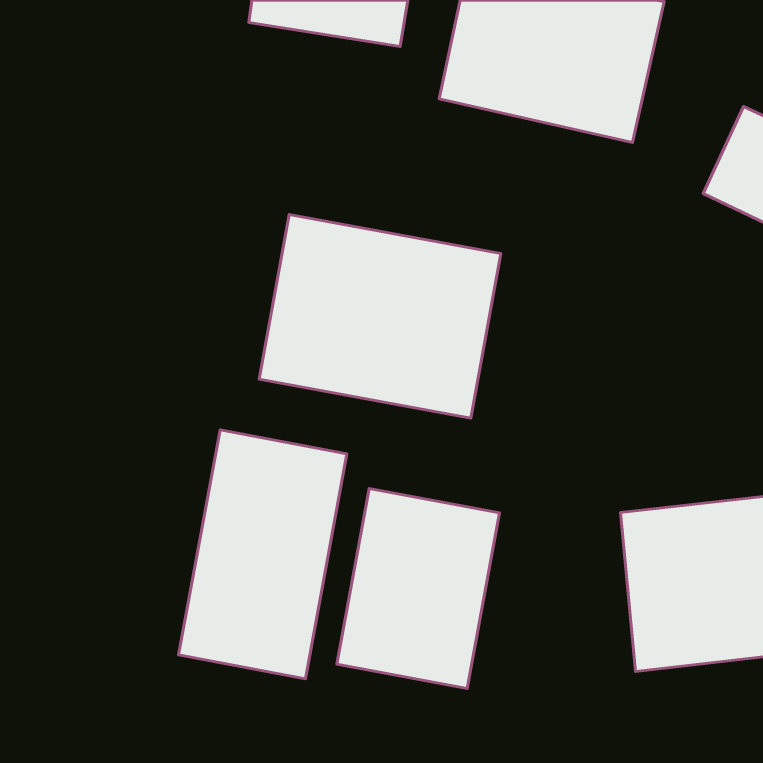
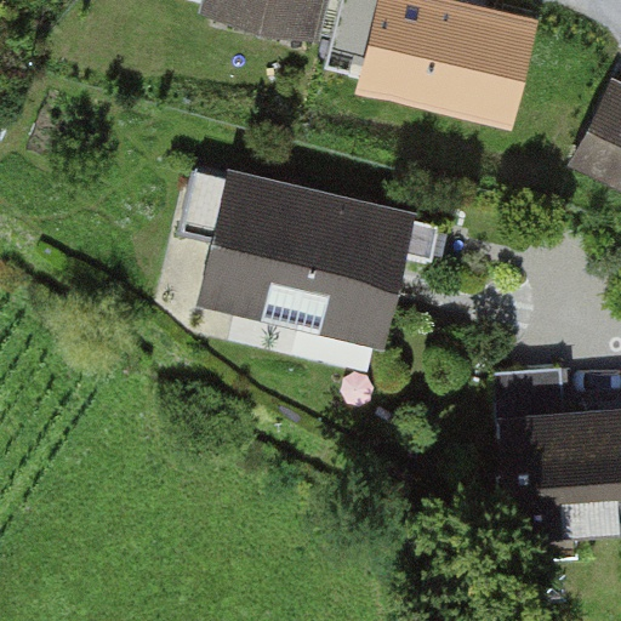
building: [179,430,347,679] -> none
building: [337,488,500,689] -> none

